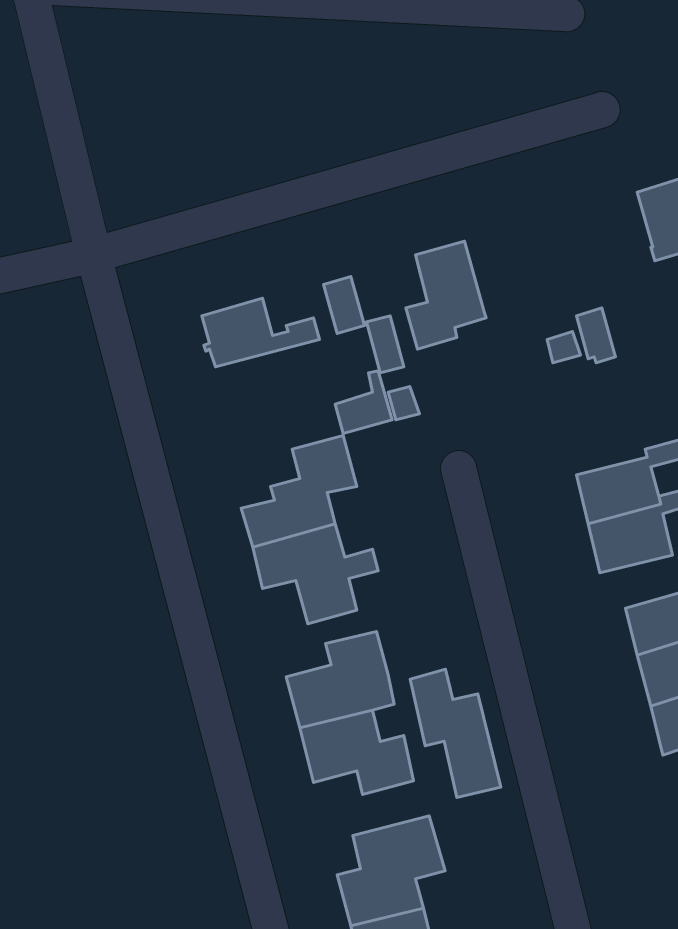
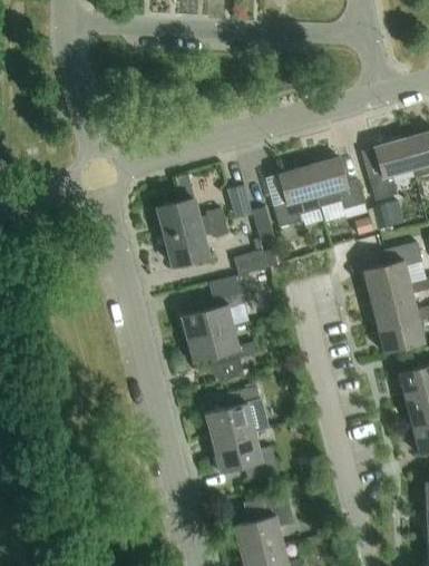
building: none -> [370,138,413,199]
building: none -> [306,157,367,209]
building: none -> [165,222,227,266]
building: none -> [362,242,422,299]
building: [410,669,501,798] -> none

